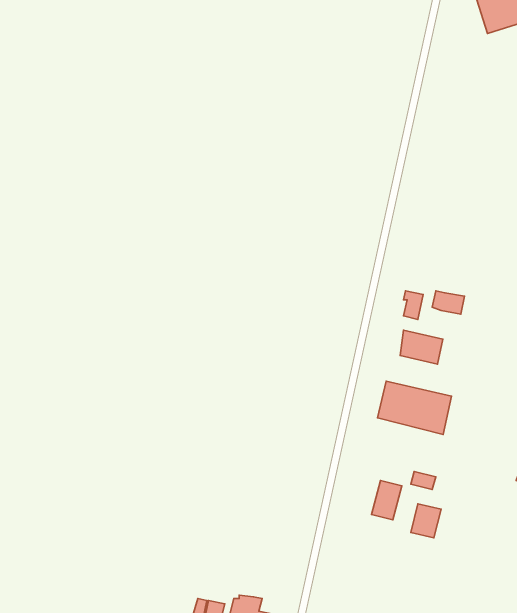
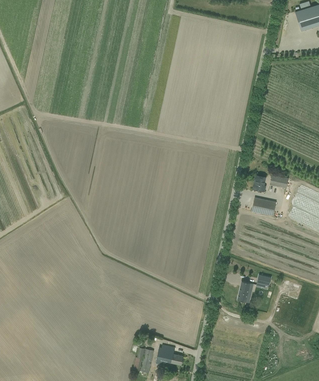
building: [378,381,451,435] -> none

